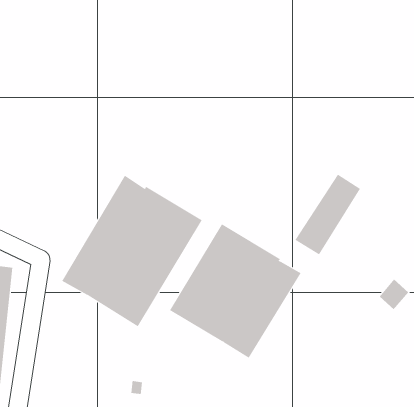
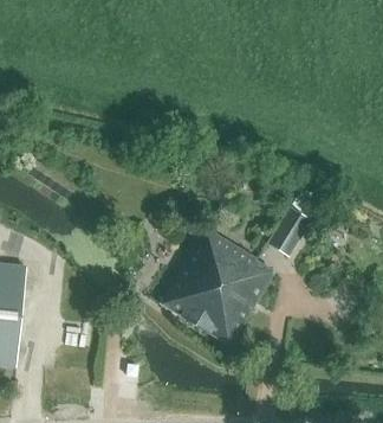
building: [61,175,202,327] -> none

